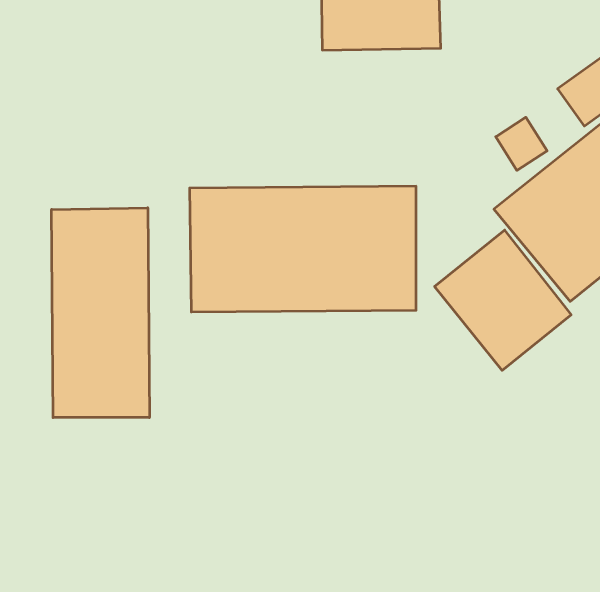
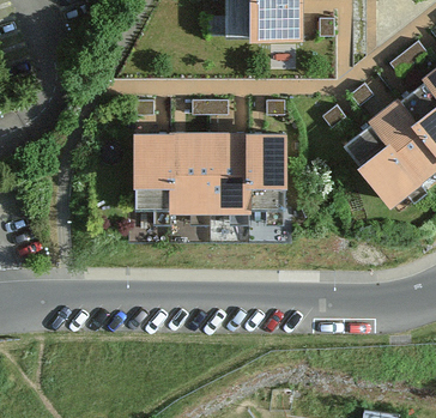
building: [52,208,149,418] -> none
building: [435,230,571,370] -> none

